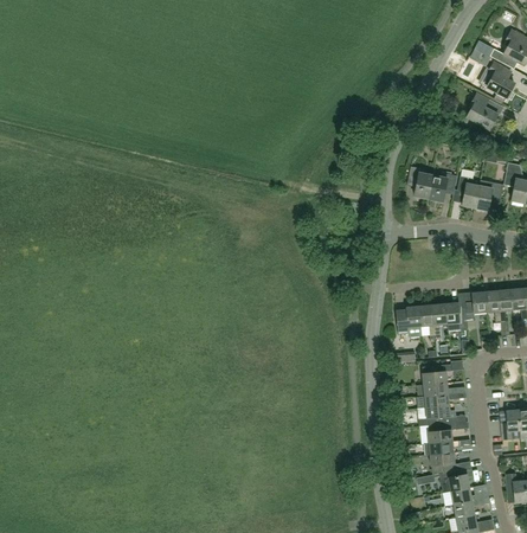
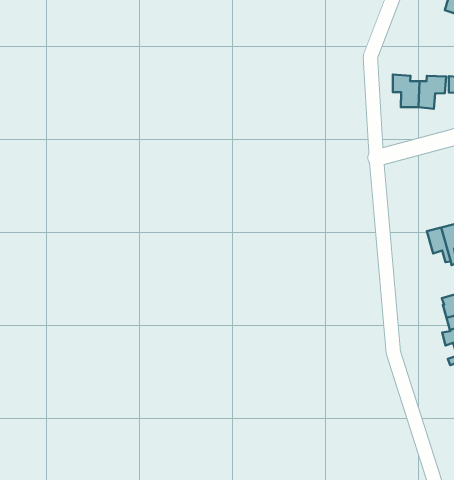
building: [397,307,423,338] -> none

